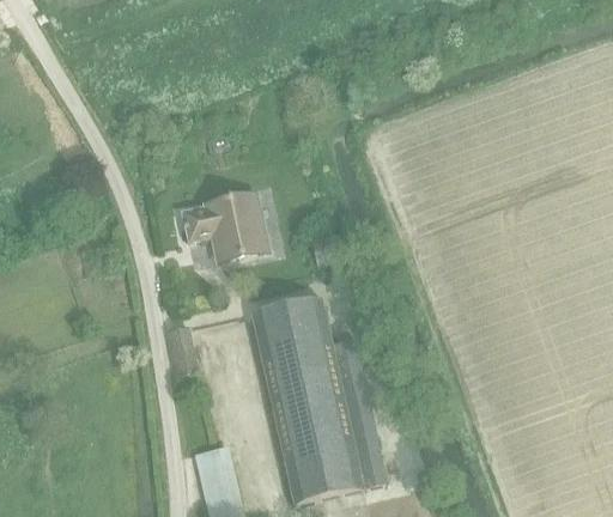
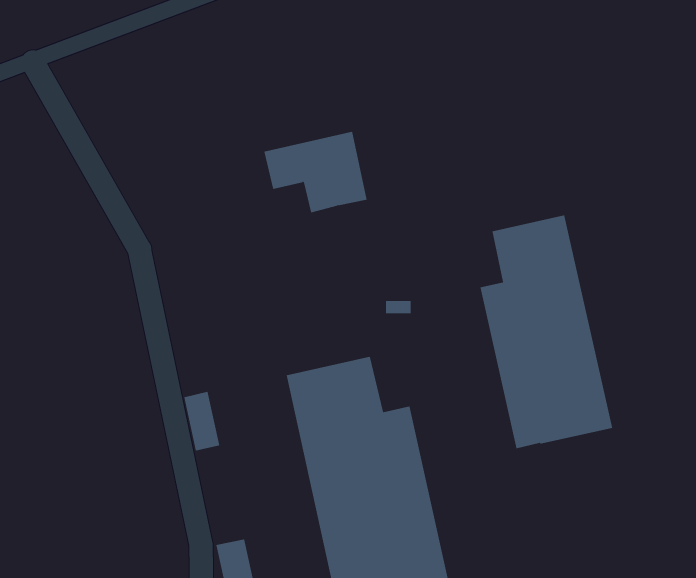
building: none -> [480,215,613,449]
building: [182,191,267,258] -> [264,131,367,213]

